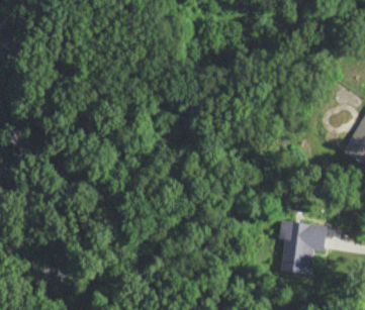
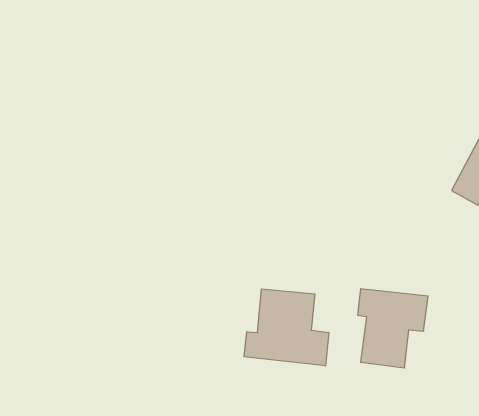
building: none -> [244,289,329,366]

